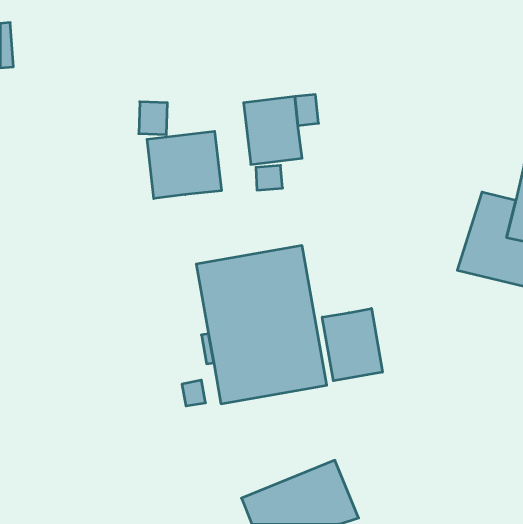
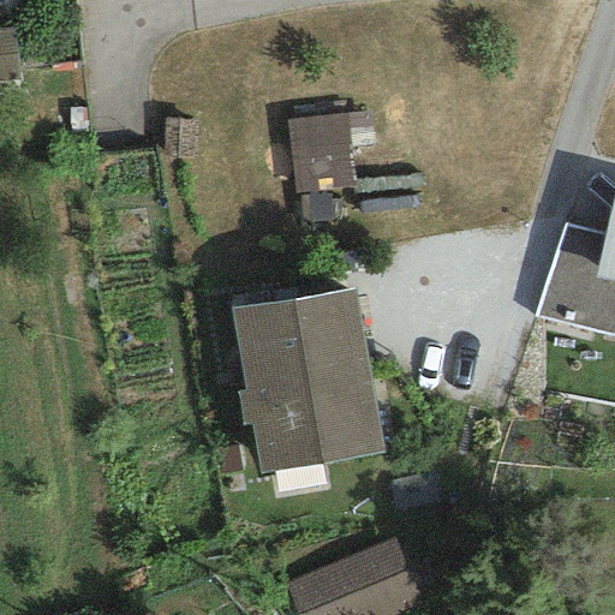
building: [147,131,221,199] -> none
building: [322,308,382,381] -> none

